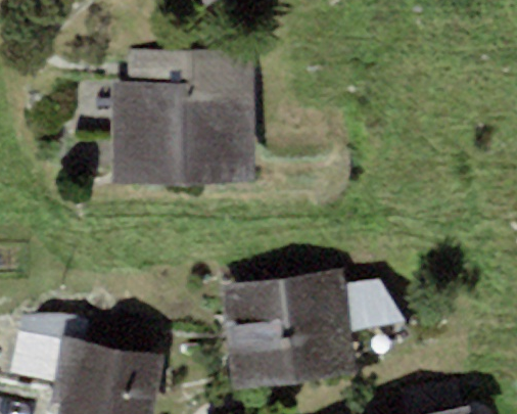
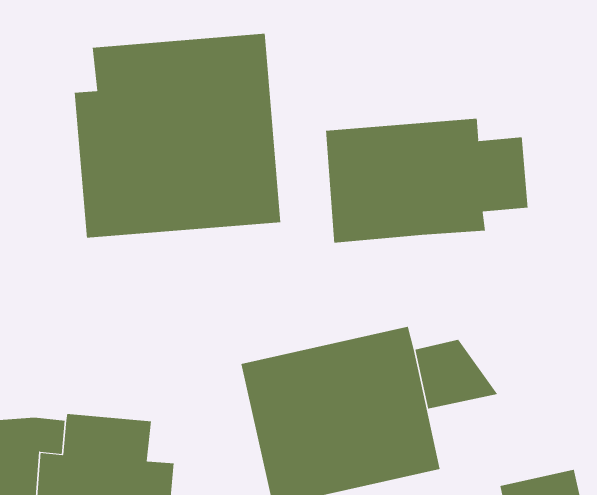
building: none -> [325,118,528,244]

